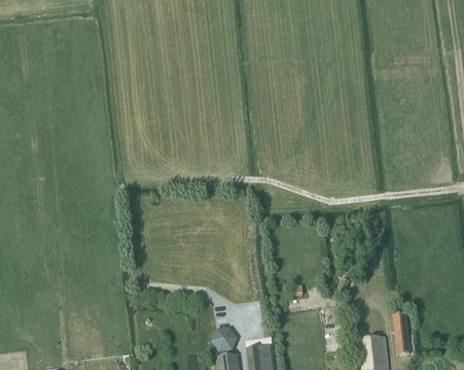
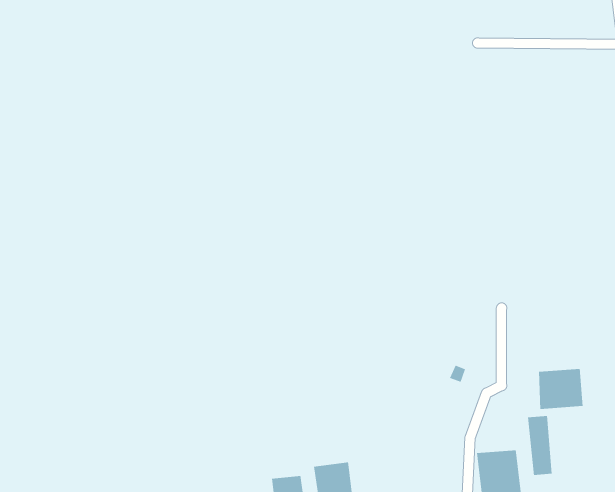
building: none -> [539,368,583,410]
building: [212,326,238,350] -> none

